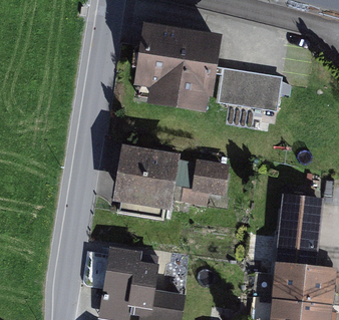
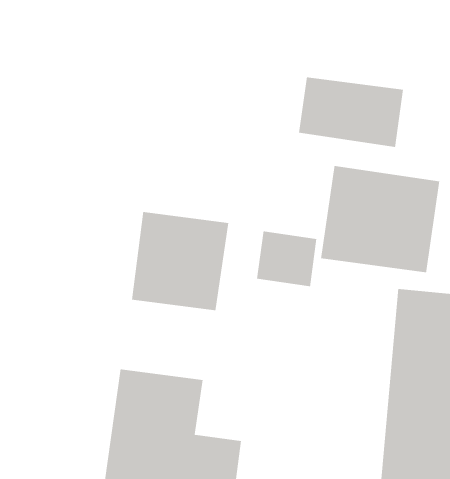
building: [140,27,220,115] -> none
building: none -> [321,165,440,273]

